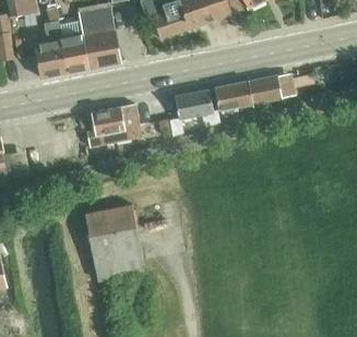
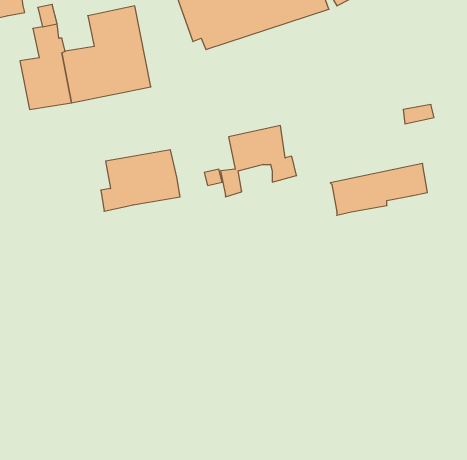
building: [214,75,279,110] -> [330,163,427,215]
building: [83,205,144,282] -> none

